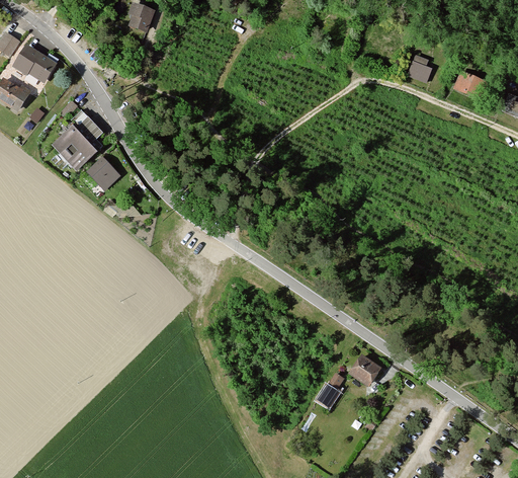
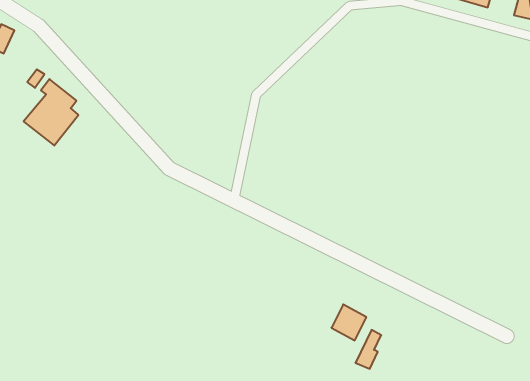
building: [87,157,120,188] -> none
building: [348,352,380,386] -> [331,304,366,340]

